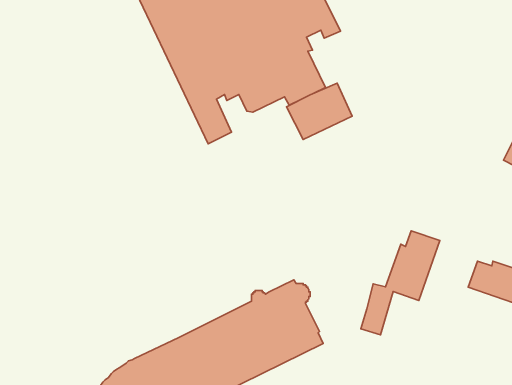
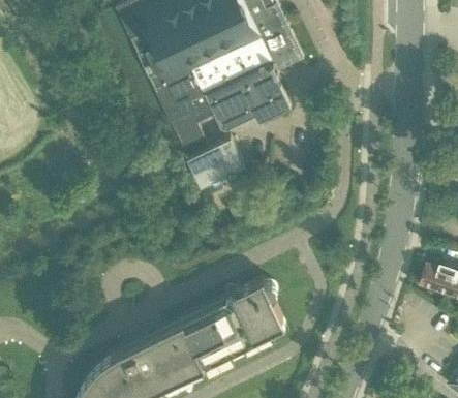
building: [287,83,352,140] -> [188,136,246,186]
building: [361,231,440,335] -> none

